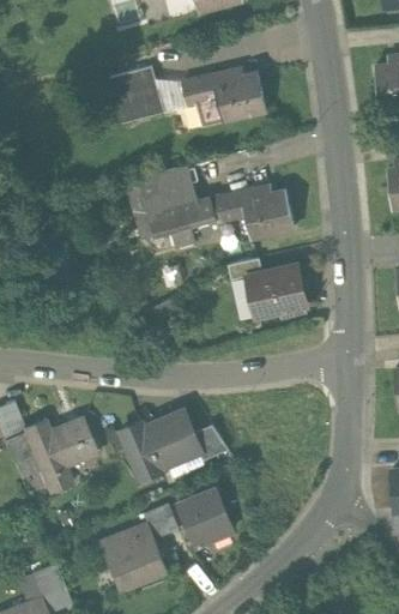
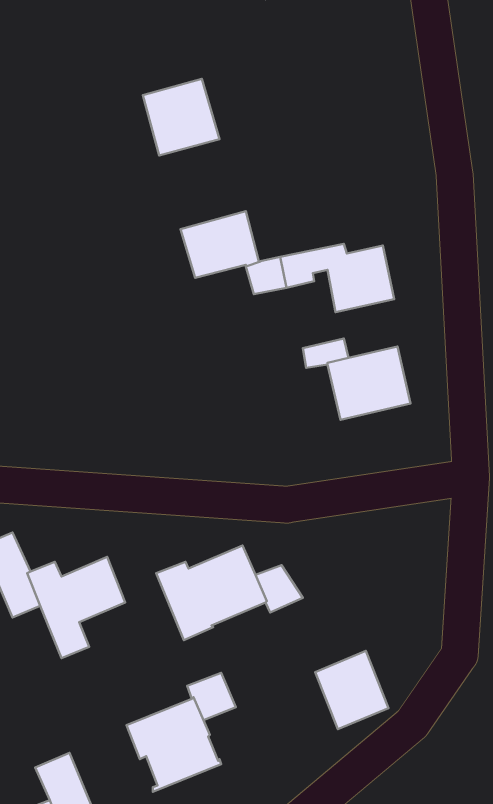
building: [182,71,267,125] -> none
building: [147,205,191,236] -> none
building: [177,488,231,546] -> [315,651,389,729]

